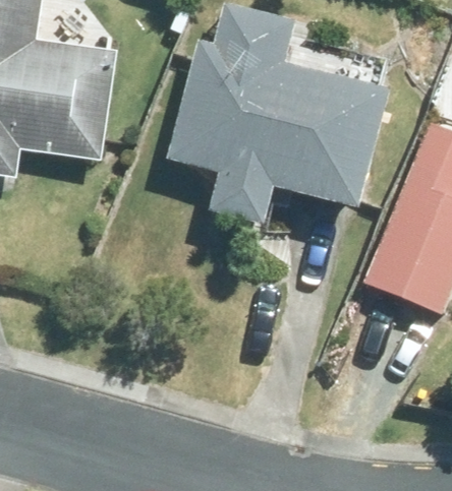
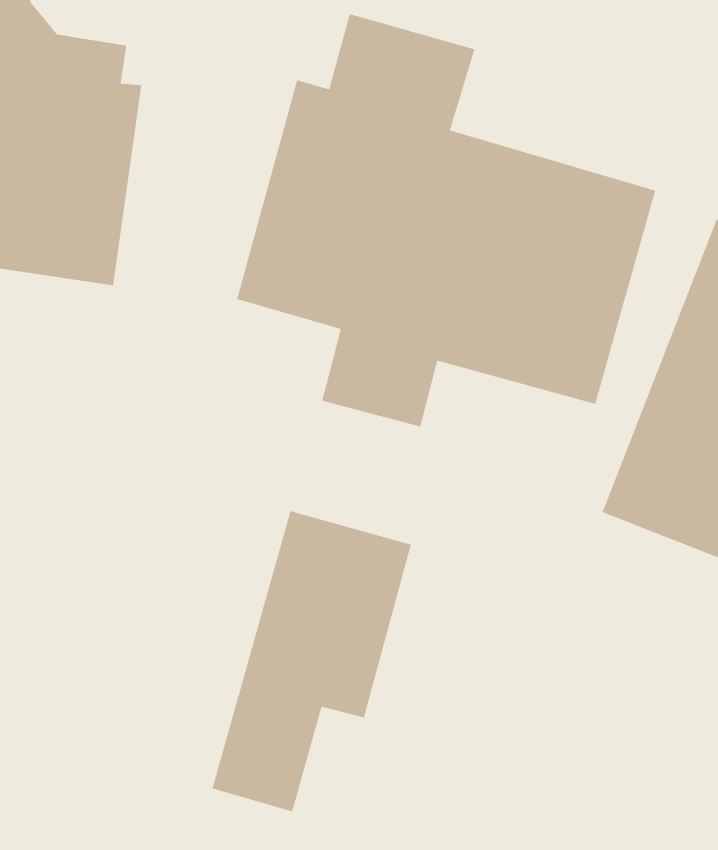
building: none -> [212,510,412,813]

